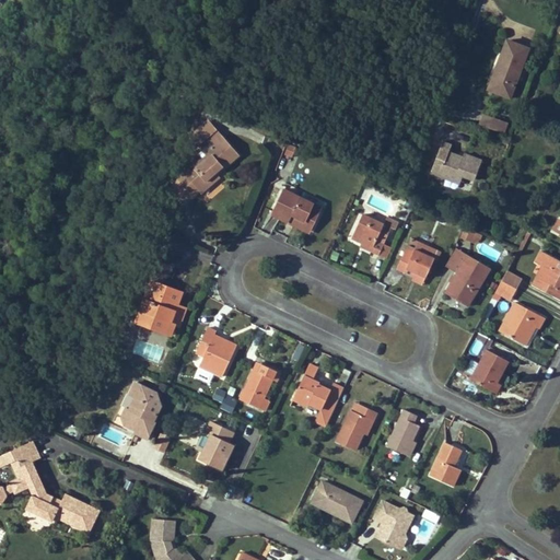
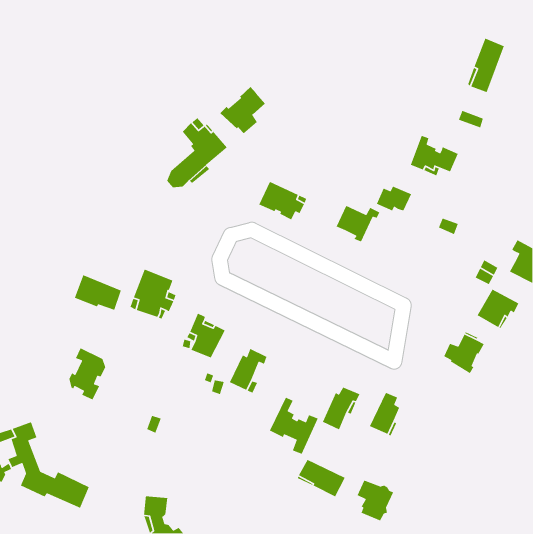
building: none -> [219,86,266,134]
building: [396,249,434,277] -> [376,185,412,212]
building: [445,255,489,306] -> none
building: none -> [74,274,122,311]
building: [292,363,345,424] -> [269,396,319,455]
building: [121,382,161,438] -> [69,347,106,400]
building: [200,421,235,470] -> none
building: [430,443,462,487] -> none

